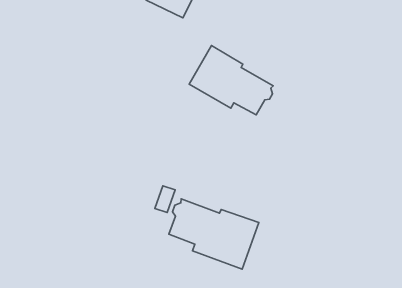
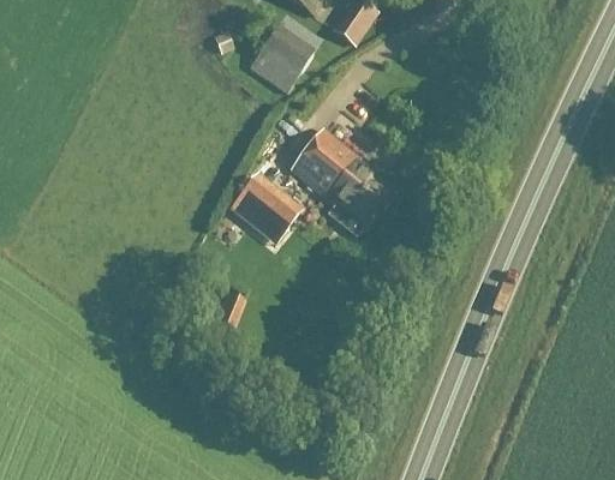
building: none -> [229,174,300,241]
building: [169,199,259,269] -> none

